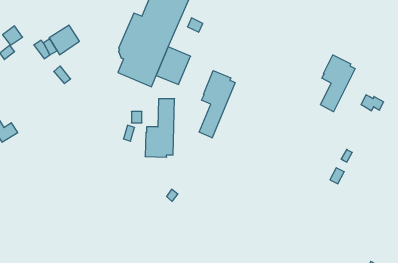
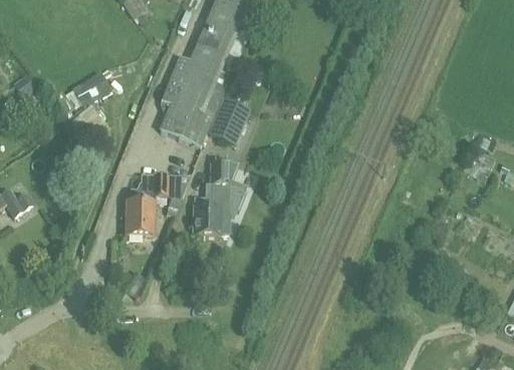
building: [320,55,355,112] -> none
building: [199,71,235,138] -> none
building: none -> [125,172,168,233]

